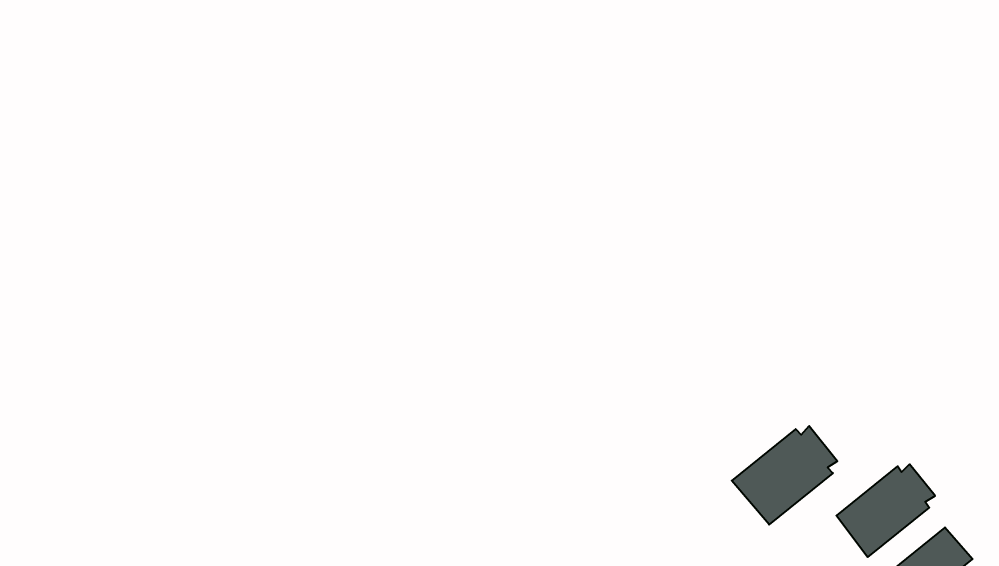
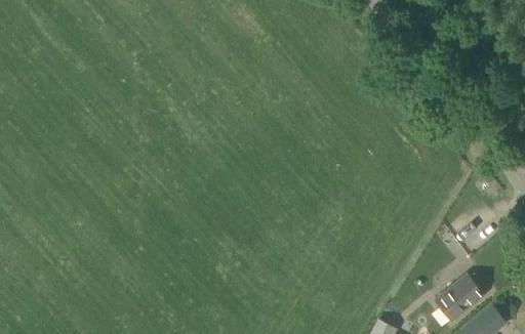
building: [732,426,837,525] -> none

